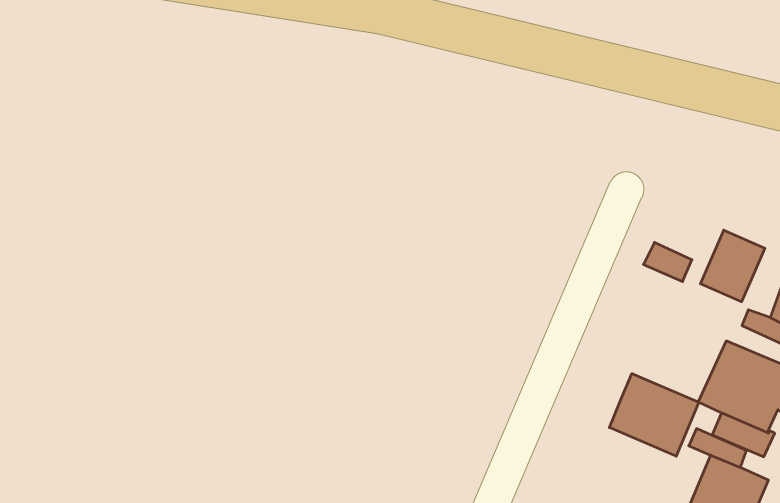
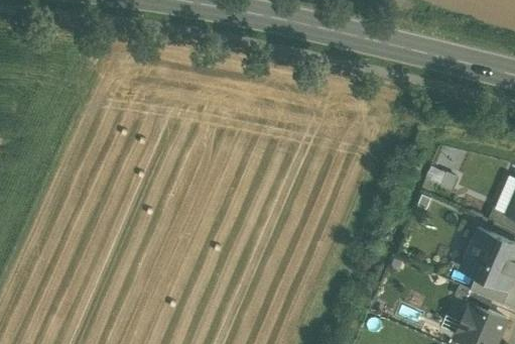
building: [700,230,765,302] -> none
building: [609,374,699,456] -> none

